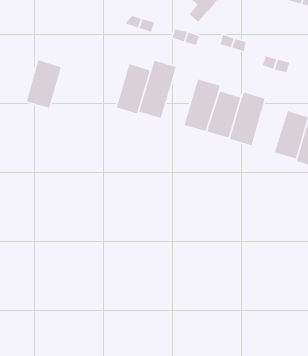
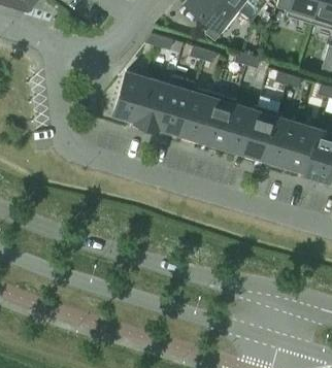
building: [26,59,62,112] -> [114,72,148,122]
building: none -> [179,82,213,138]
building: none -> [265,118,298,164]

